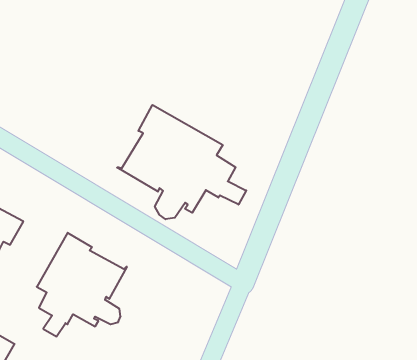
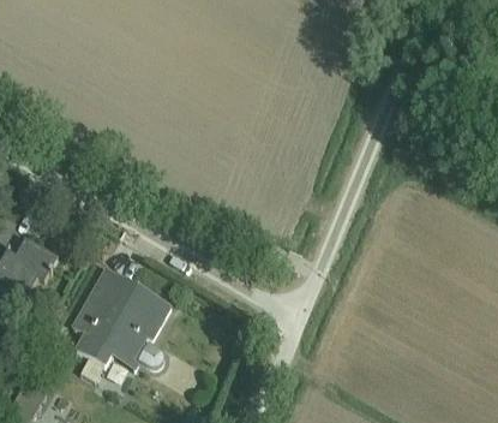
building: [117,105,246,219] -> none

